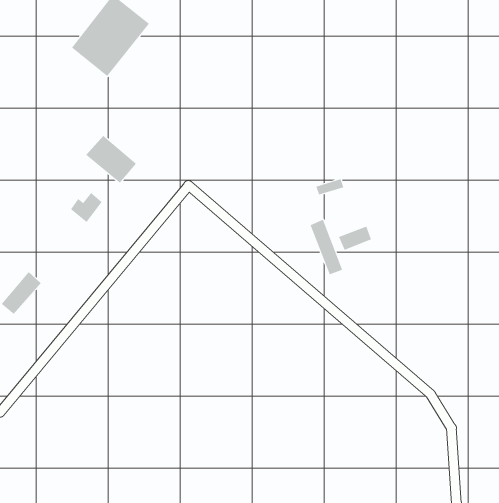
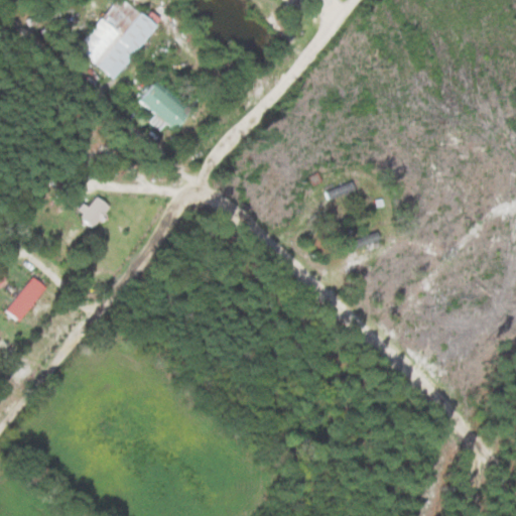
building: [86,135,137,183] -> [140,80,192,129]
building: [310,219,343,275] -> none

